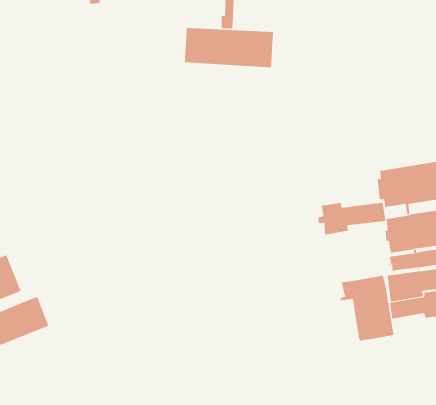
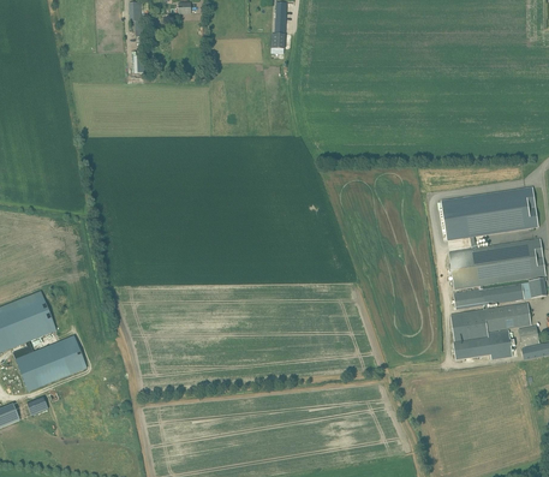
building: [184,27,273,68] -> none
building: [318,202,386,236] -> none
building: [340,275,394,341] -> none

